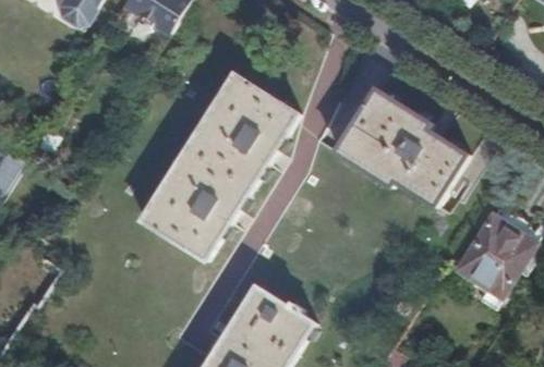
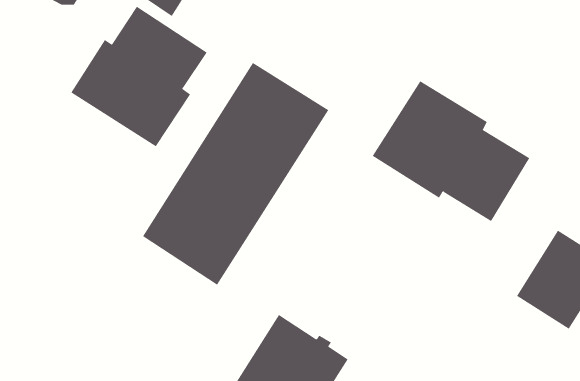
building: none -> [70,6,207,147]

